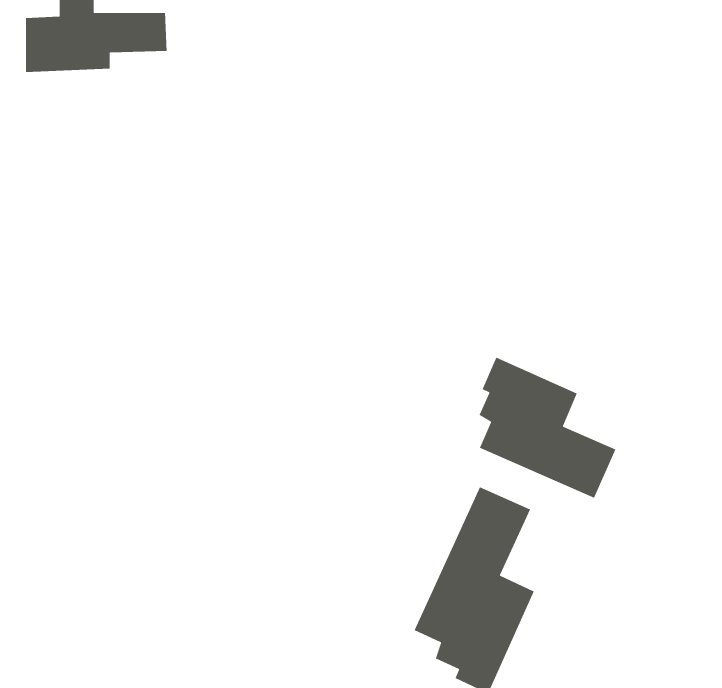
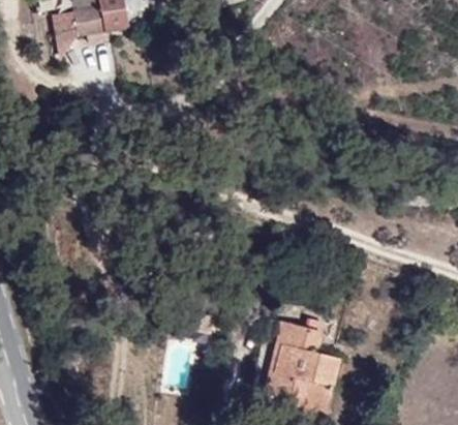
building: [479,356,617,499] -> none

